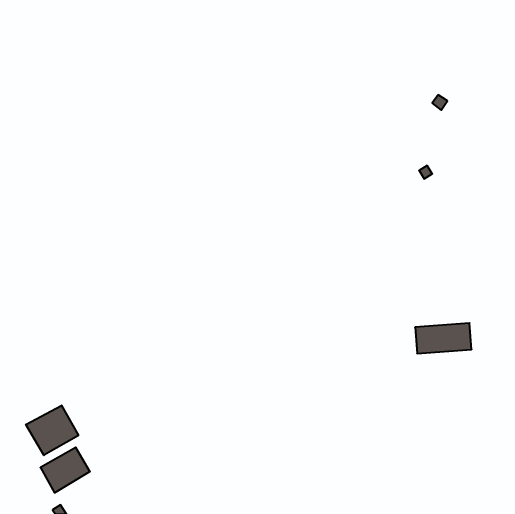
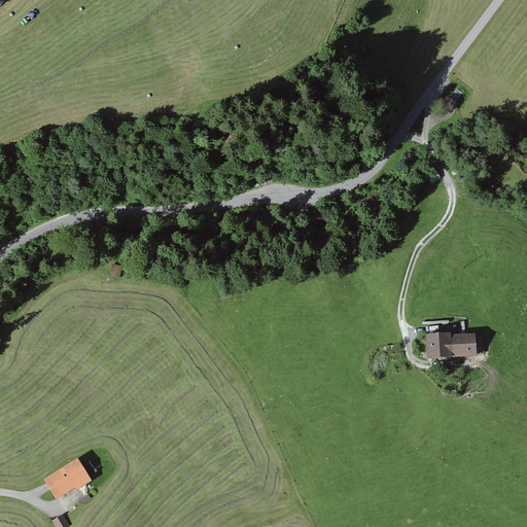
building: [26,405,78,455] -> none

